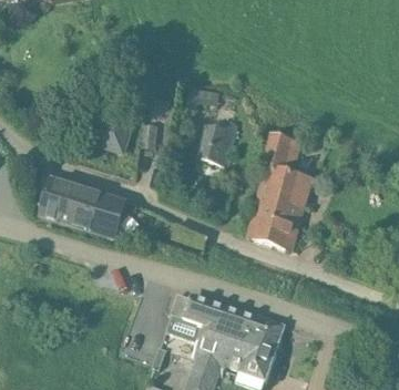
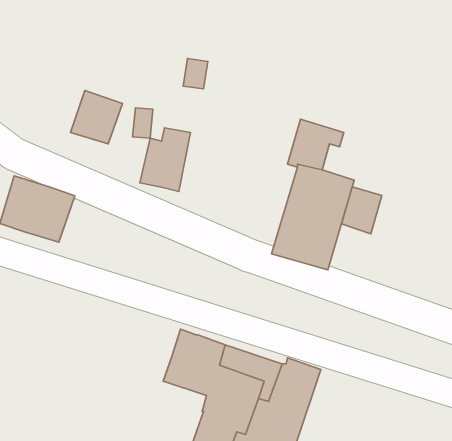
building: [201,117,239,166] -> [140,128,191,192]
building: none -> [342,187,382,234]
building: [84,192,126,237] -> none

